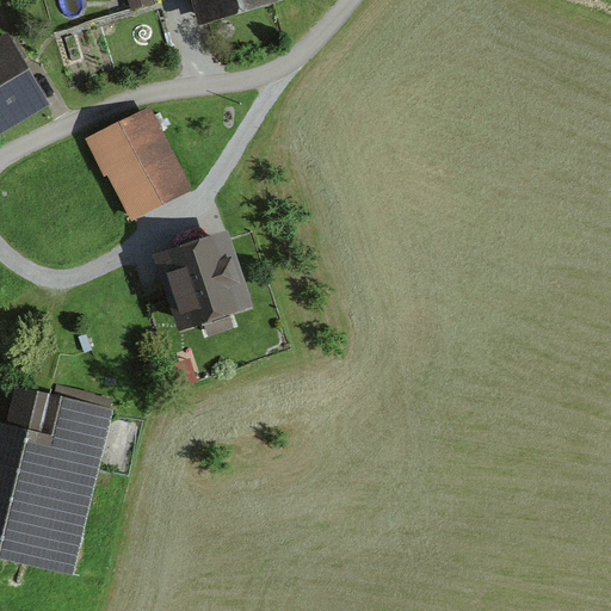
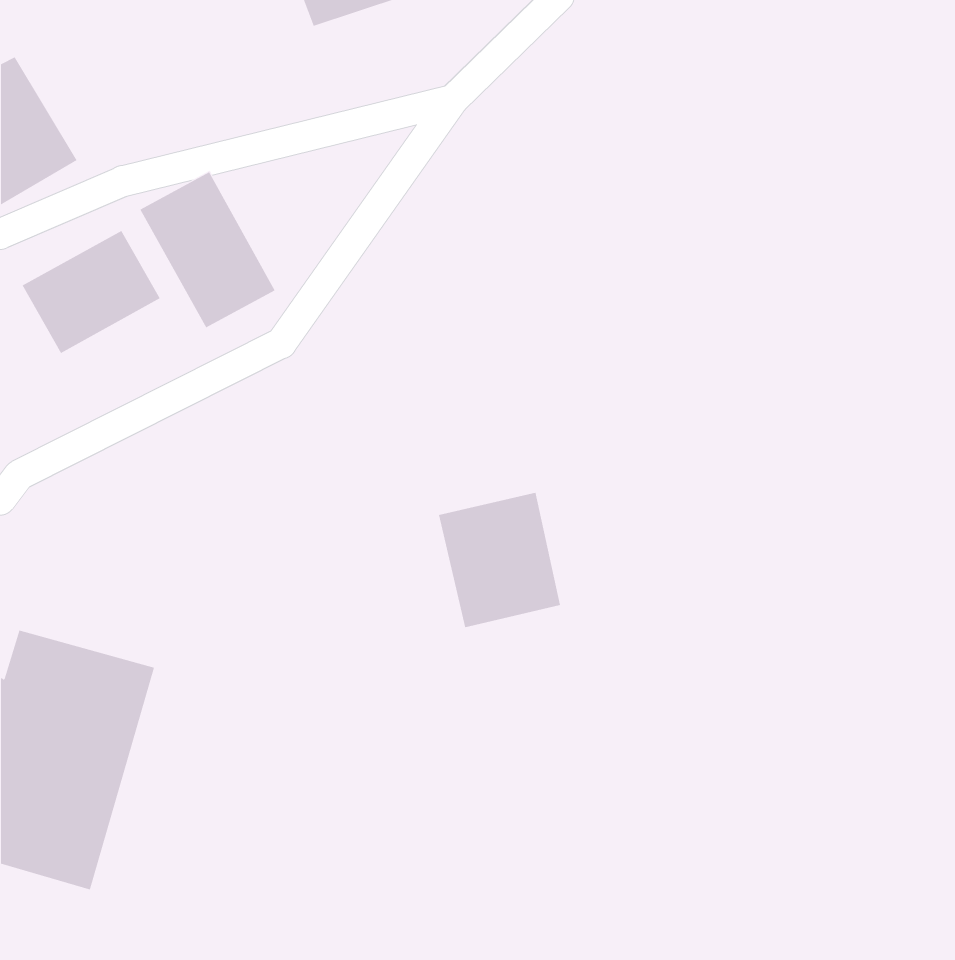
building: none -> [22,230,160,354]
building: [162,241,240,327] -> [438,492,561,628]

